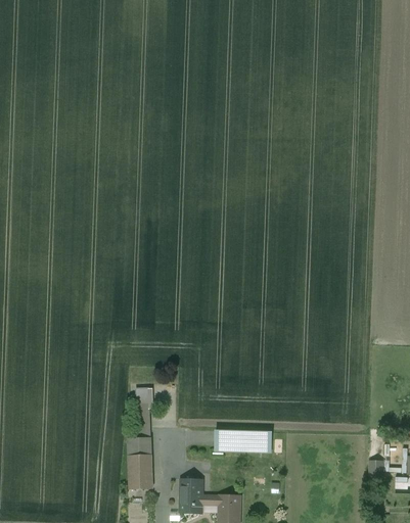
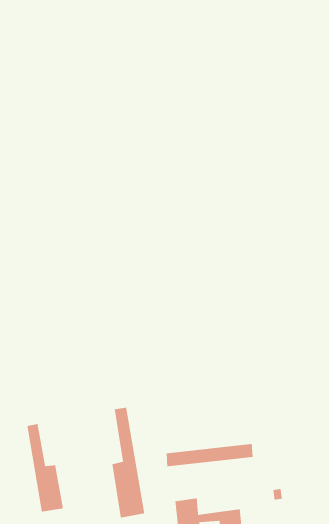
building: none -> [26,423,64,513]

